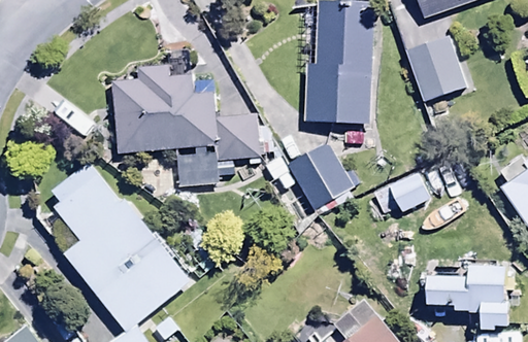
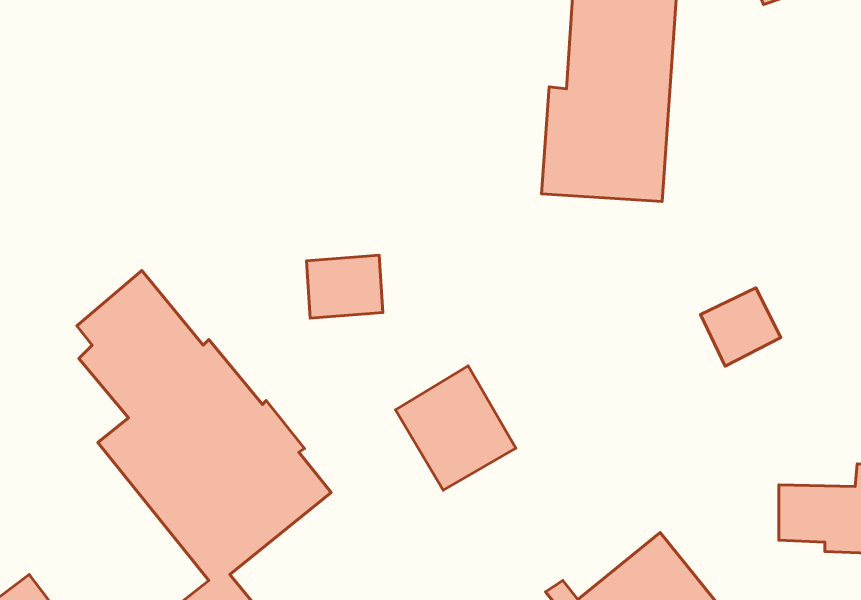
building: [403,34,467,101] -> none
building: [111,63,259,159] -> none
building: [288,140,353,207] -> [395,366,516,490]

